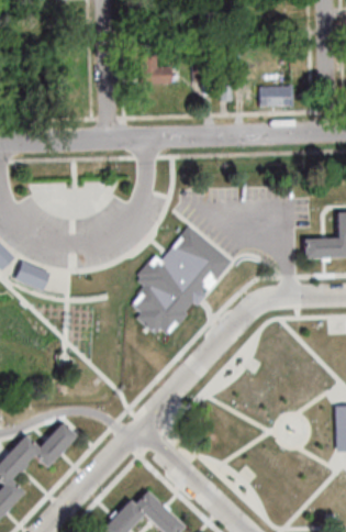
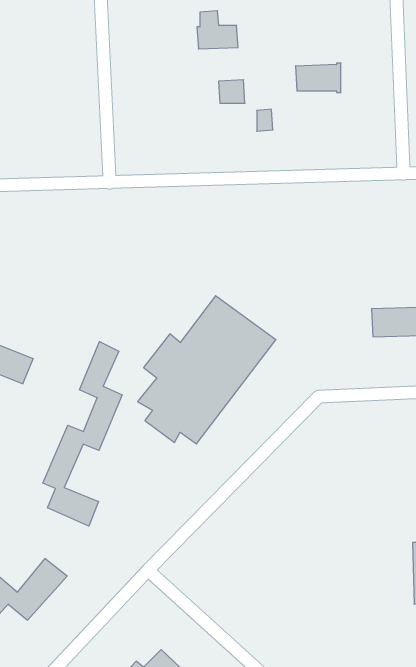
building: [138,57,169,86] -> [197,11,238,49]
building: [257,87,291,109] -> [295,63,341,92]
building: none -> [43,342,122,526]

